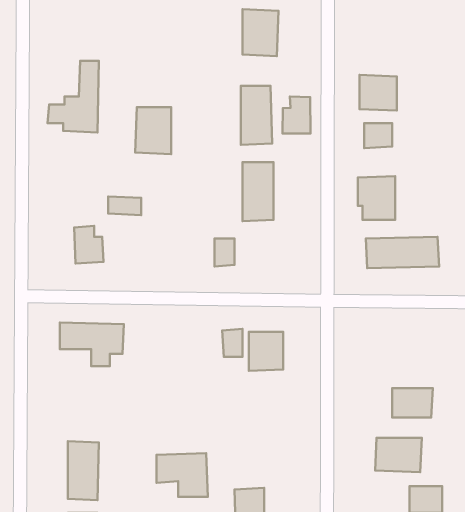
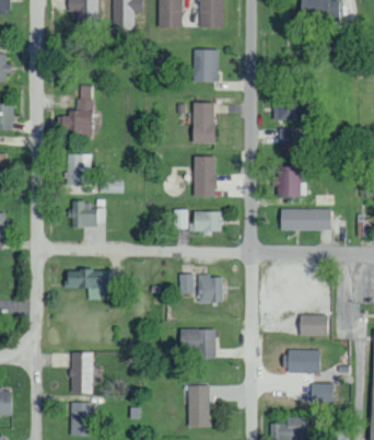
building: [283,97,311,134] -> none
building: [135,107,171,154] -> [67,153,92,186]
building: none -> [194,210,222,232]
building: [156,453,208,497] -> [179,327,215,358]

